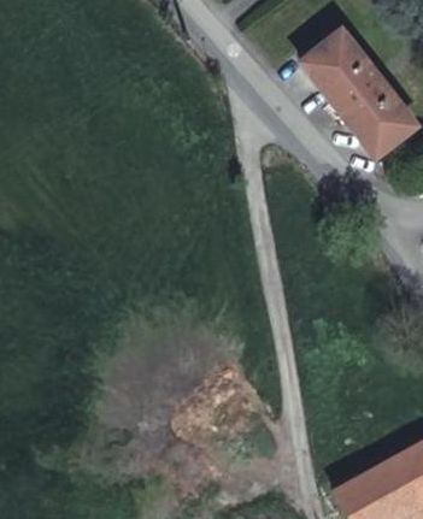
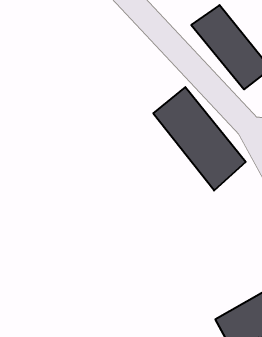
building: none -> [153,87,246,191]

